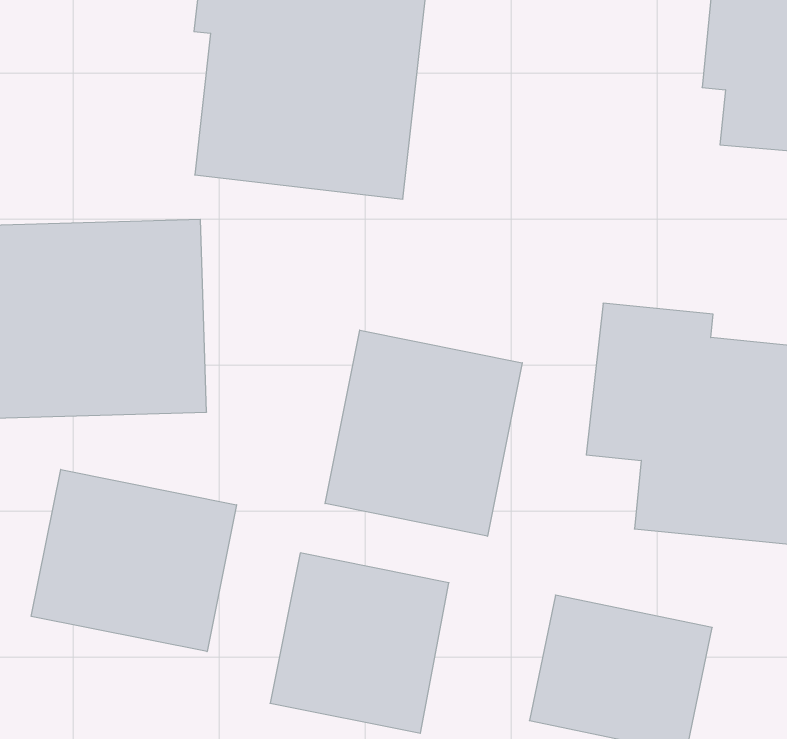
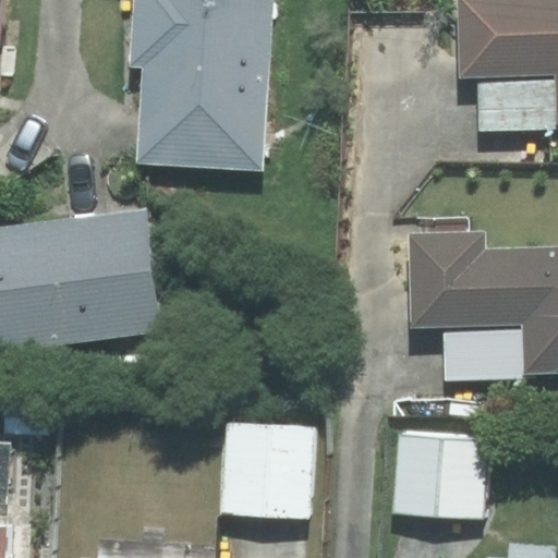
building: [325,330,522,536] -> none
building: [31,469,237,652] -> none

